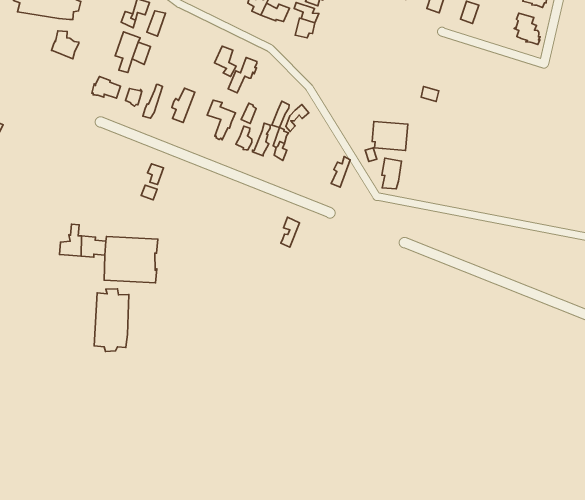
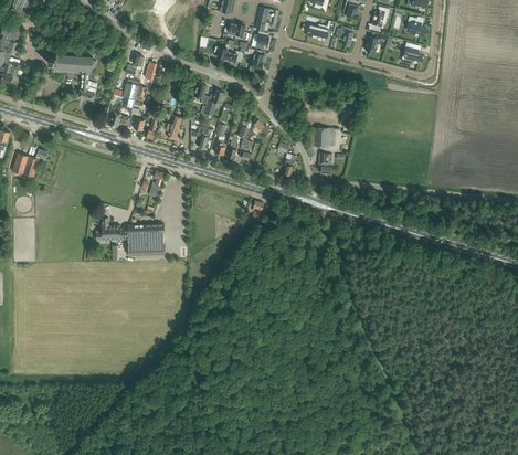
building: [94,289,129,351] -> none

